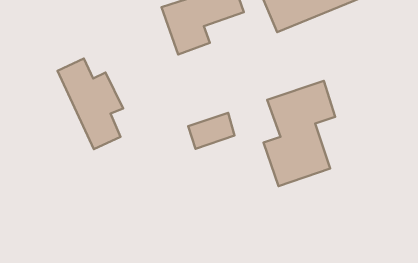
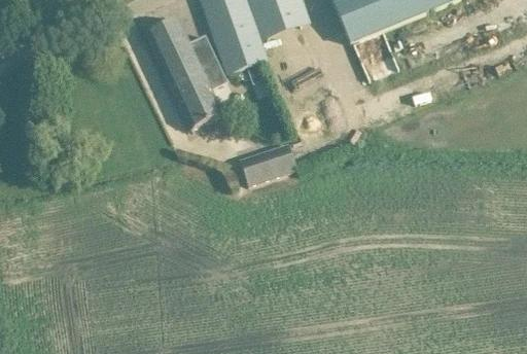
building: [57,58,123,149] -> [145,16,226,129]
building: [263,81,335,186] -> none

